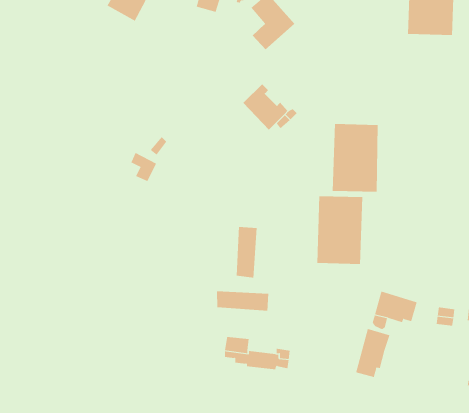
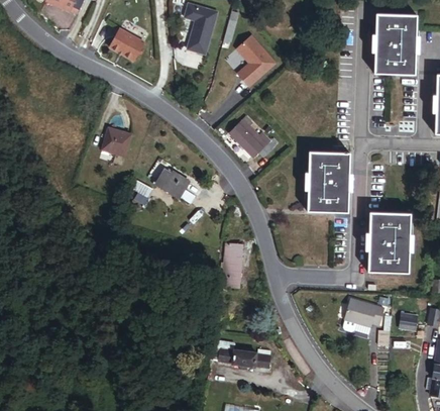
building: none -> [105,126,136,158]
building: none -> [157,166,194,203]
building: [316,196,363,264] -> [368,212,410,273]
building: [216,291,269,312] -> none
building: [356,328,390,378] -> none

